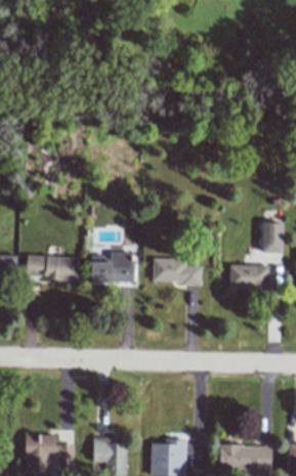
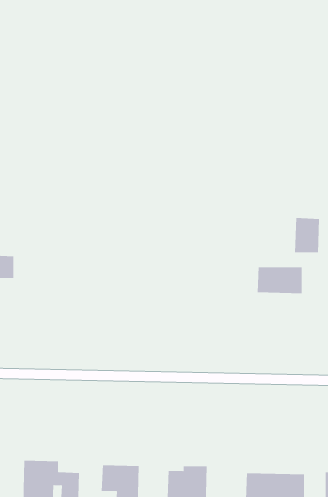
building: [91,253,133,283] -> none
building: [27,256,80,279] -> none
building: [153,257,202,284] -> none

